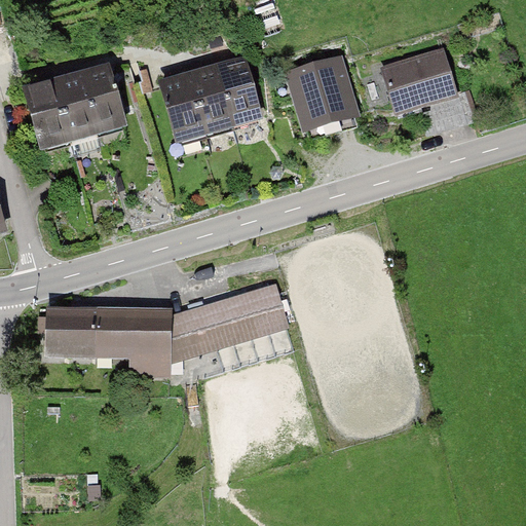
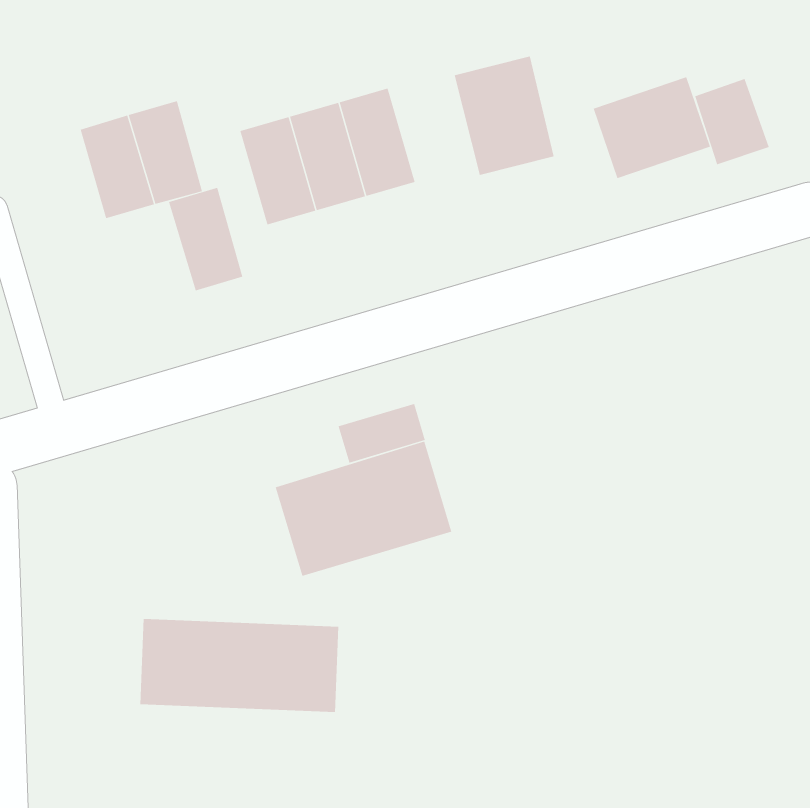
building: none -> [695,78,769,165]
building: [20,83,68,150] -> [168,187,243,291]
building: none -> [338,403,426,463]
building: [38,304,166,365] -> [139,618,339,713]

